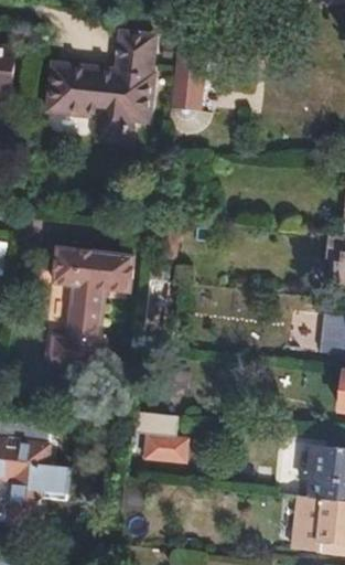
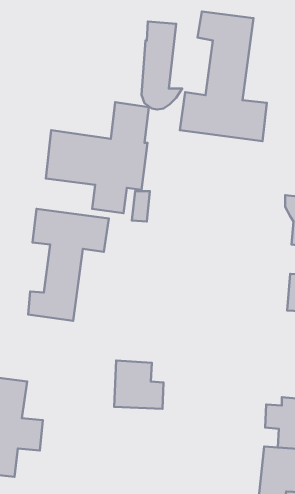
building: [47,29,155,146] -> [46,102,149,213]
building: none -> [180,12,267,141]

